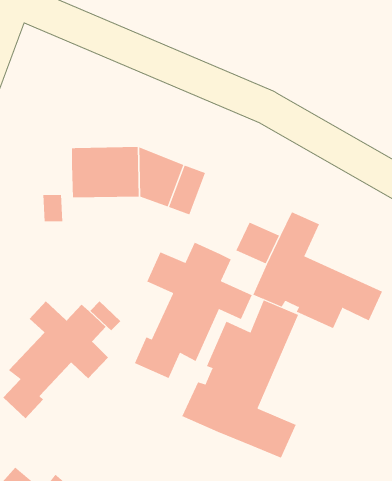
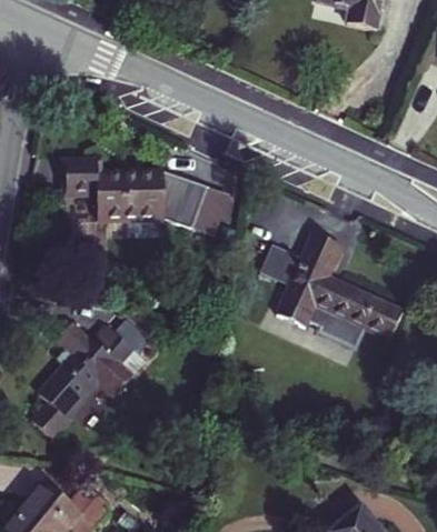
building: none -> [69,155,103,189]
building: [134,242,253,379] -> none
building: [182,299,299,459] -> none

